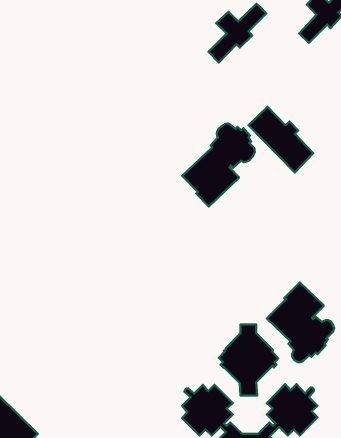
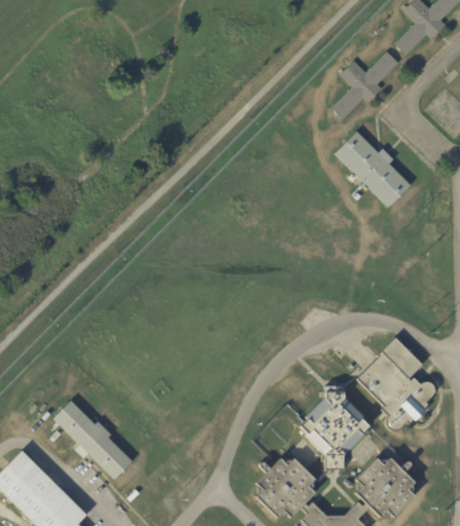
building: [208,4,266,62] -> [331,51,398,120]
building: [182,123,255,207] -> none
building: none -> [53,401,132,480]

